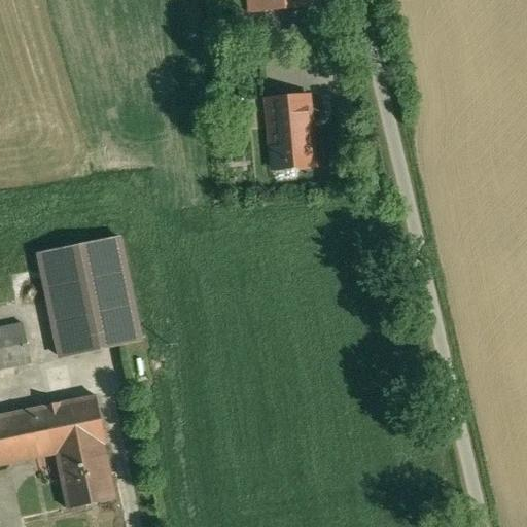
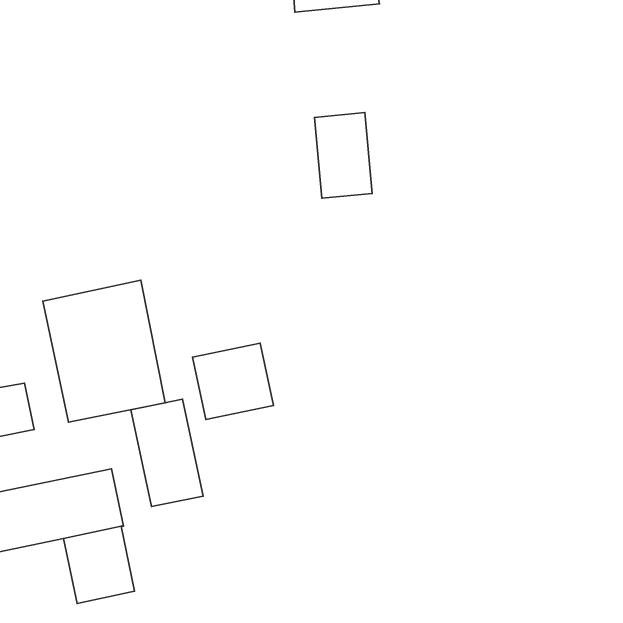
building: none -> [193,343,273,419]
building: none -> [131,399,203,507]

